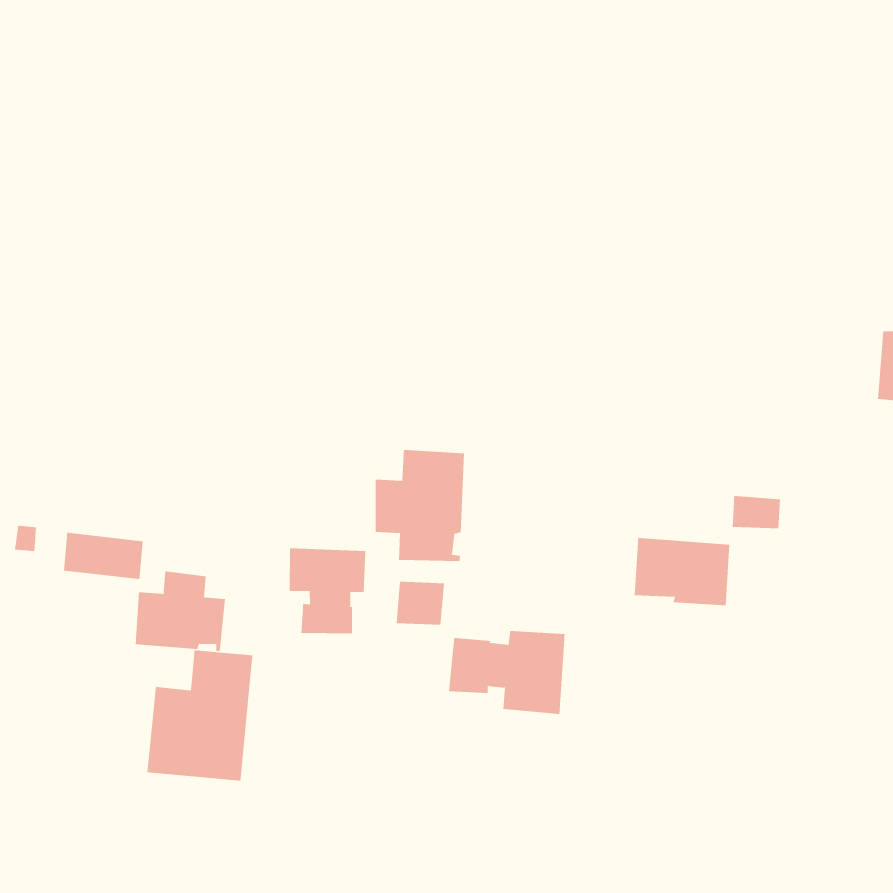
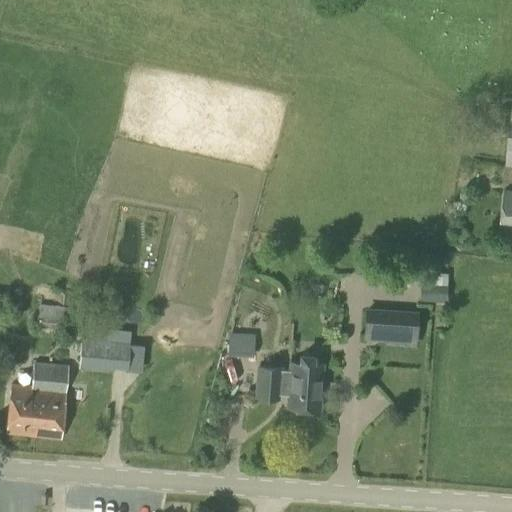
building: [375,449,464,562] -> none
building: [289,548,366,634] -> none
building: [146,650,253,781] -> [8,362,69,437]

